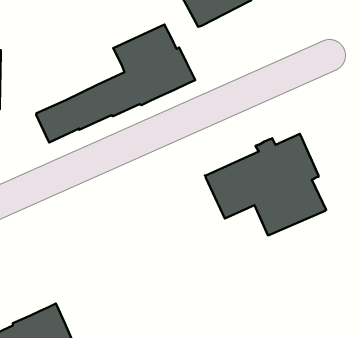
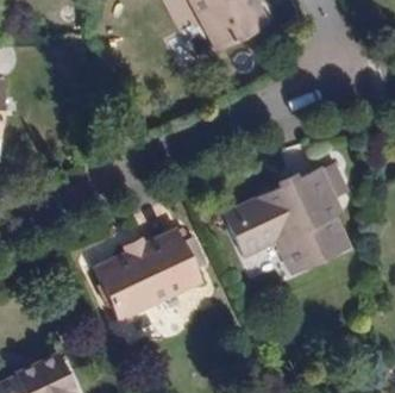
building: [36,24,195,143] -> none
building: none -> [95,226,205,323]

